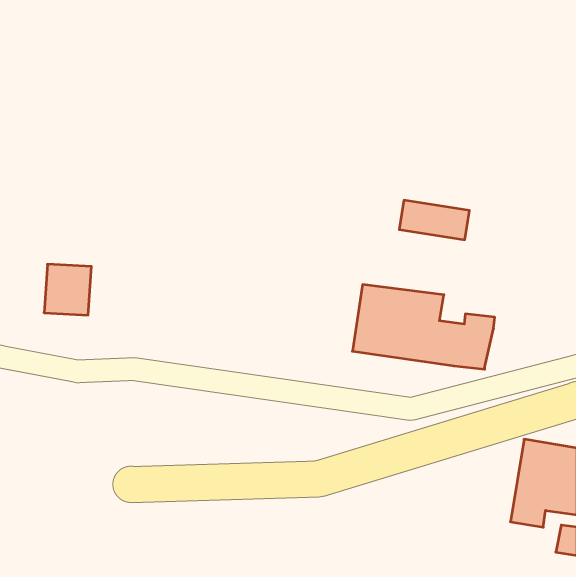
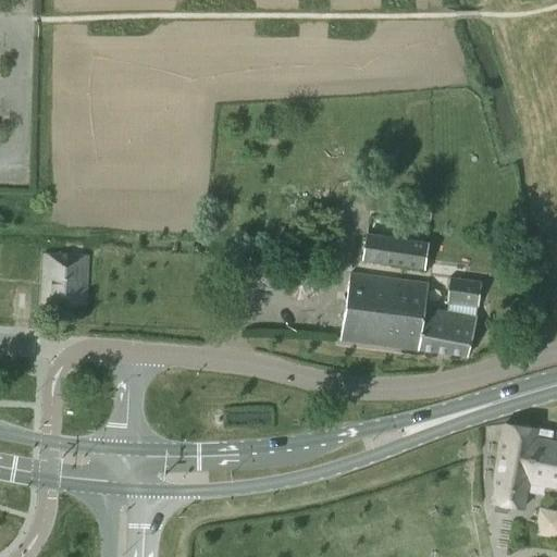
building: [399,200,469,240] -> [362,233,430,271]
building: none -> [449,280,480,306]

